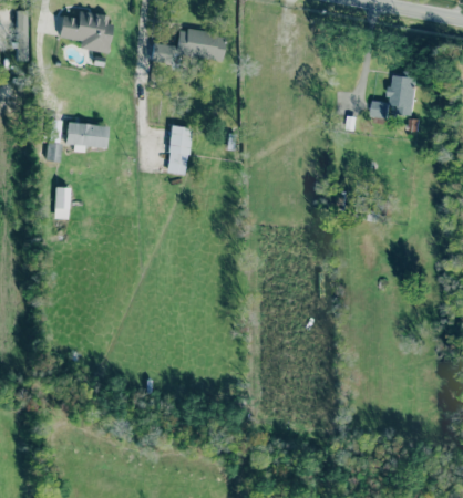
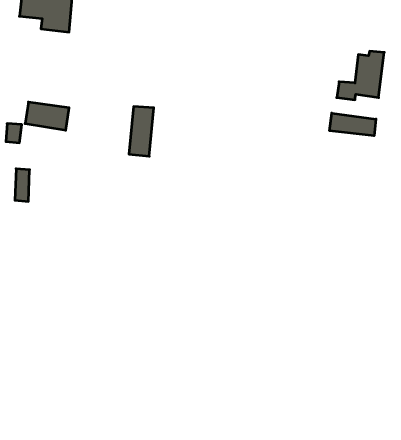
building: [151,29,226,66] -> none
building: none -> [330,113,376,136]

